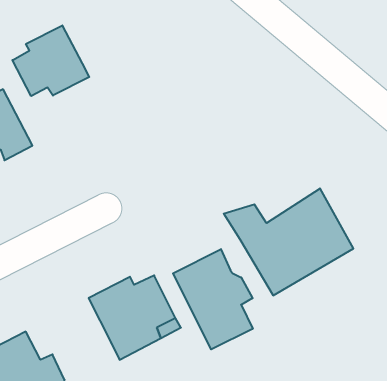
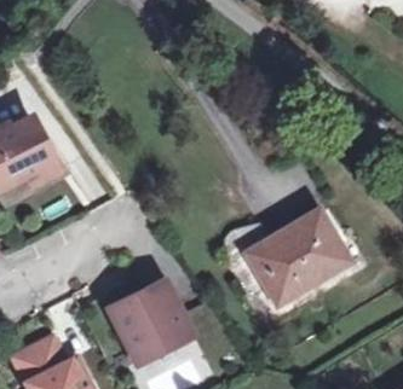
building: [12,25,89,96] -> none
building: [173,249,253,349] -> none

